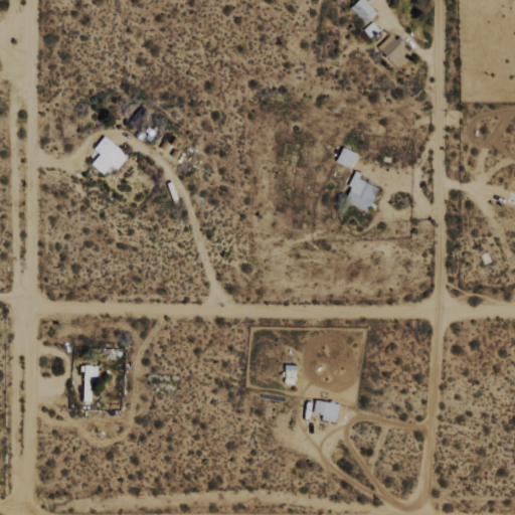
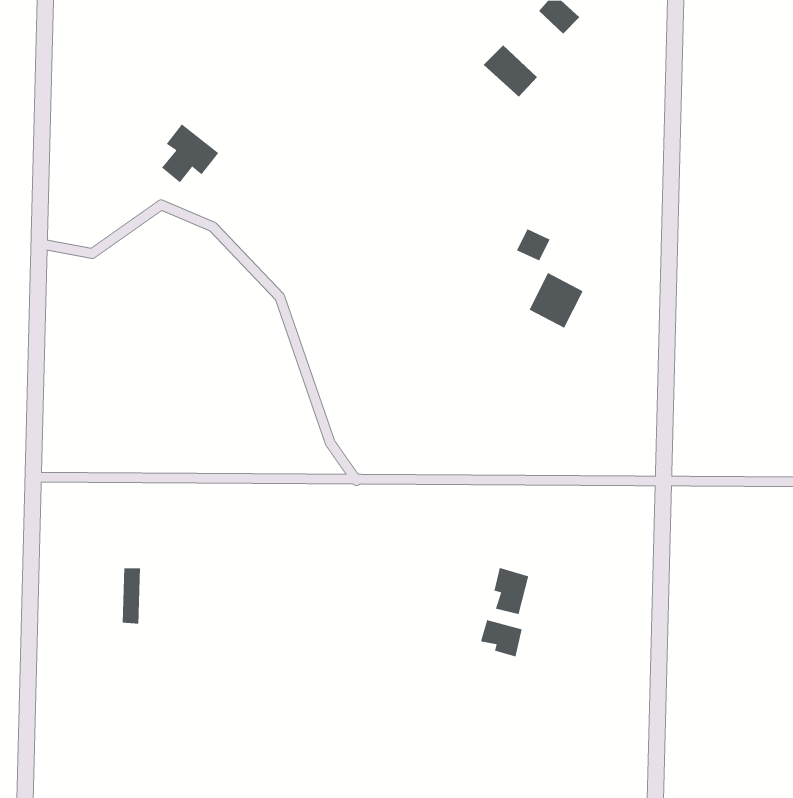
building: [376,34,411,68] -> [483,44,538,98]
building: [92,137,129,175] -> [161,124,219,183]
building: none -> [494,567,529,615]

